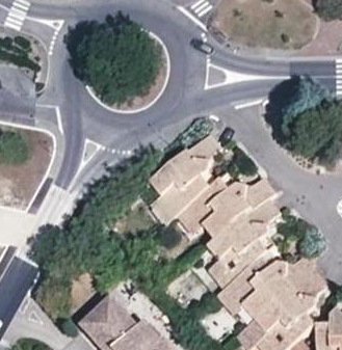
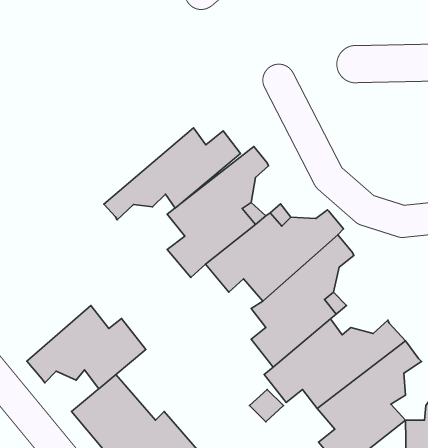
building: none -> [104,128,240,220]
building: none -> [27,305,146,389]

